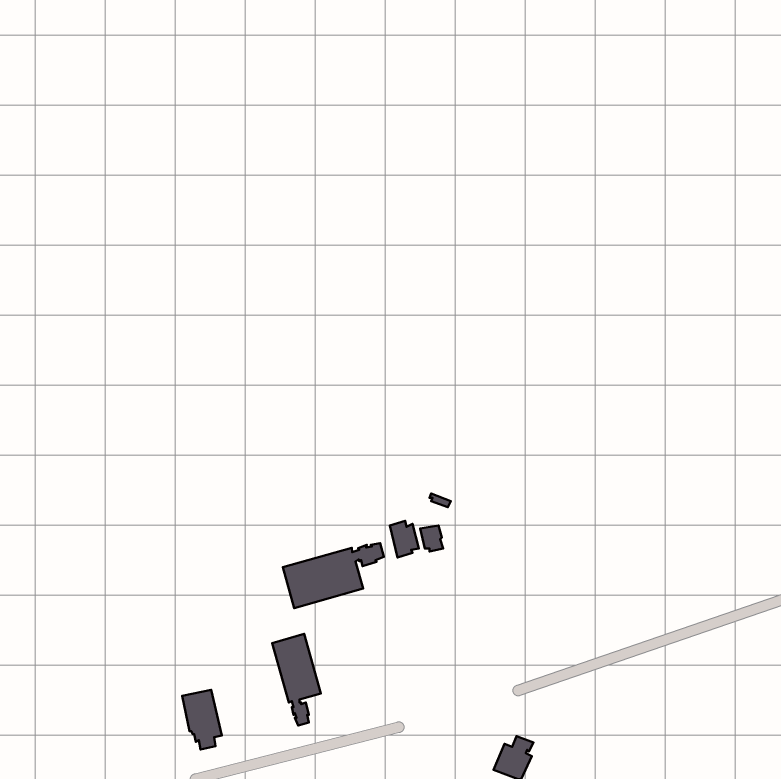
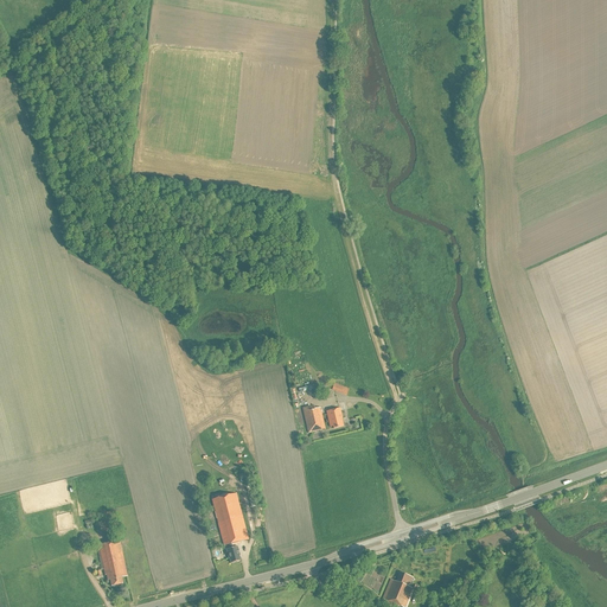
building: [283,543,384,608] -> none
building: [182,690,222,749] -> [97,539,128,586]

